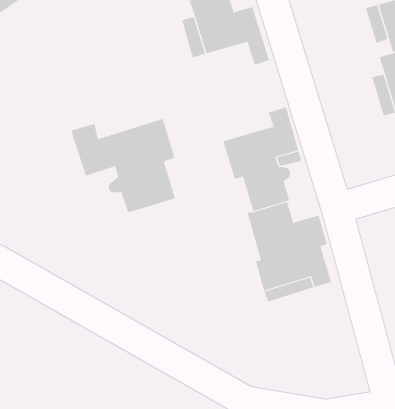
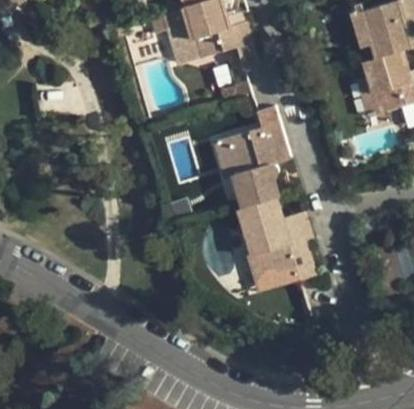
building: [70,118,176,213] -> none

